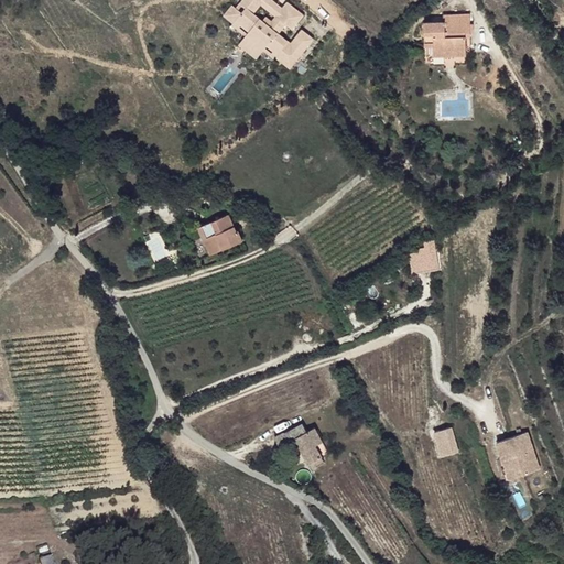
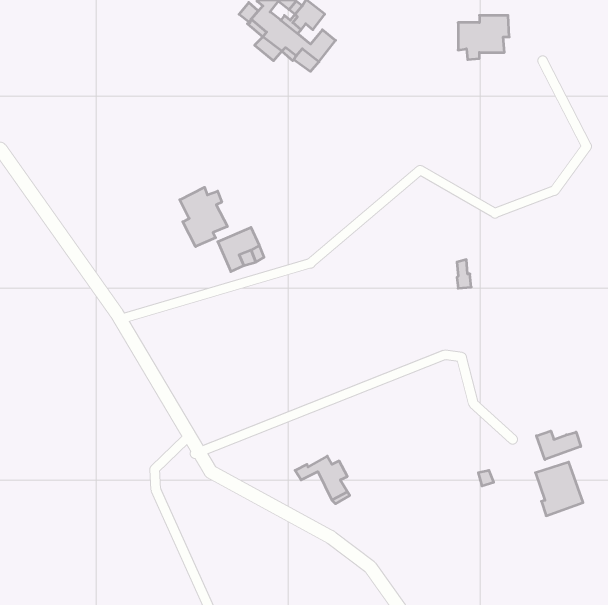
building: none -> [180,187,227,247]
building: none -> [536,431,581,460]

